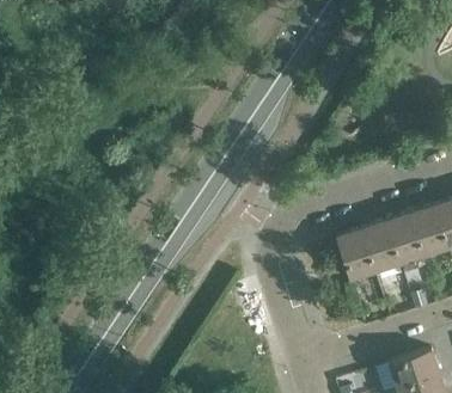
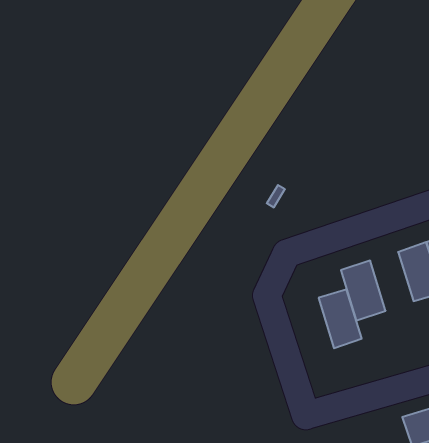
building: [361,221,398,271] -> [319,290,362,348]

